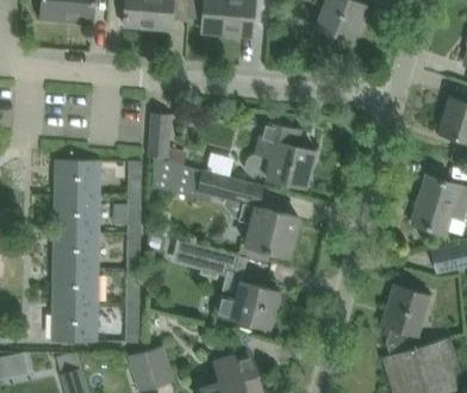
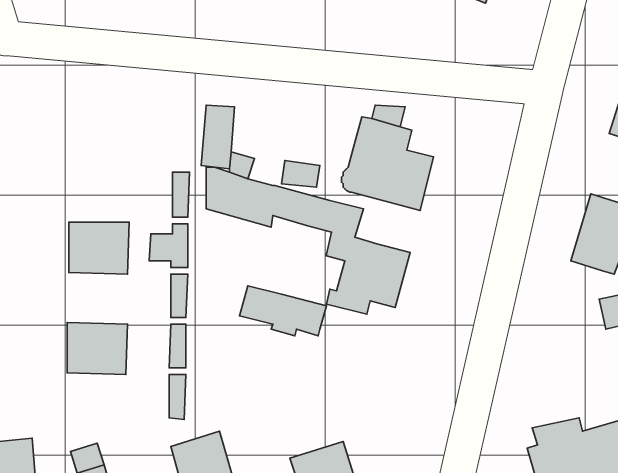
building: [55,160,99,196] -> none
building: [54,232,96,269] -> none
building: [213,275,279,329] -> none
building: [380,283,430,343] -> none
building: [52,304,95,342] -> none

